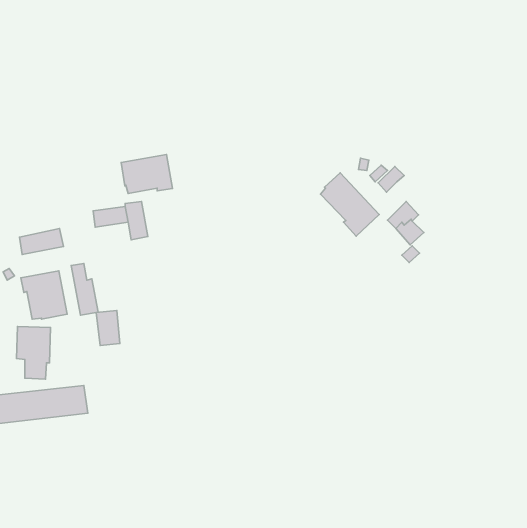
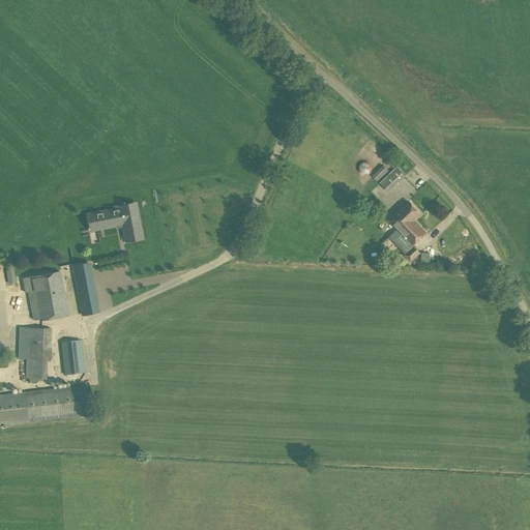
building: [121,155,172,193] -> none
building: [320,173,379,236] -> none
building: [20,228,64,254] -> none
building: [96,310,120,345] -> [59,340,83,375]

